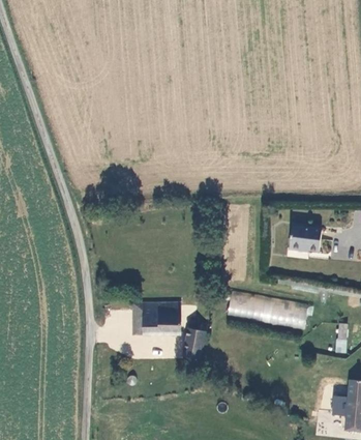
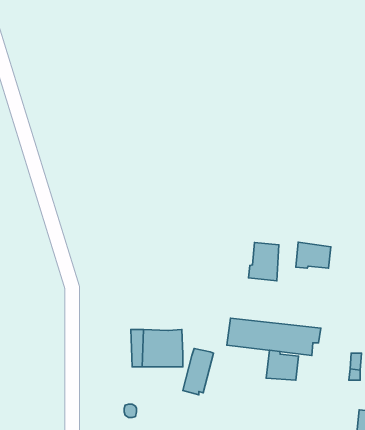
building: none -> [249,243,279,281]
building: none -> [266,350,299,380]

